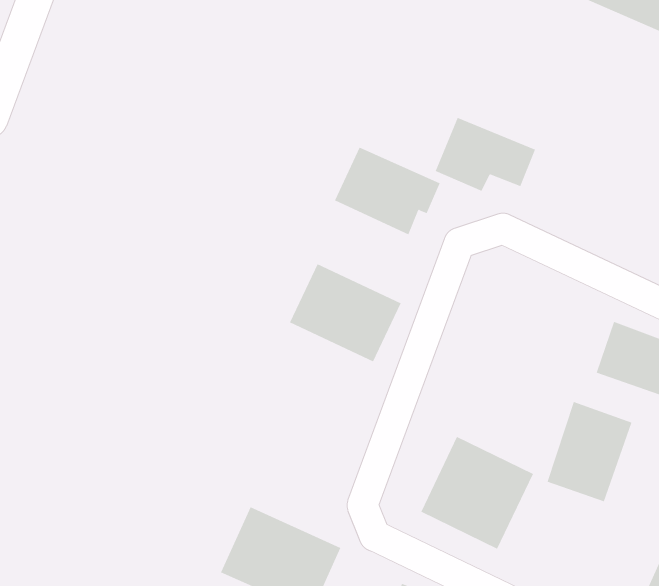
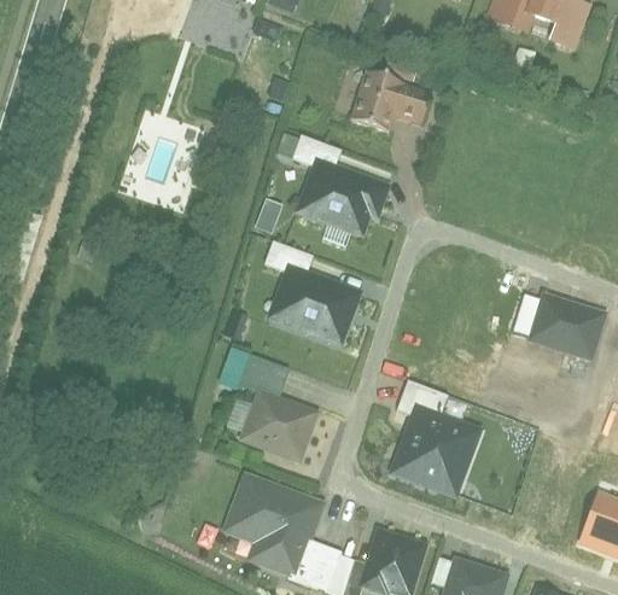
building: [435,117,536,191] -> [348,70,432,132]
building: none -> [239,350,330,466]
building: [547,401,632,502] -> none

